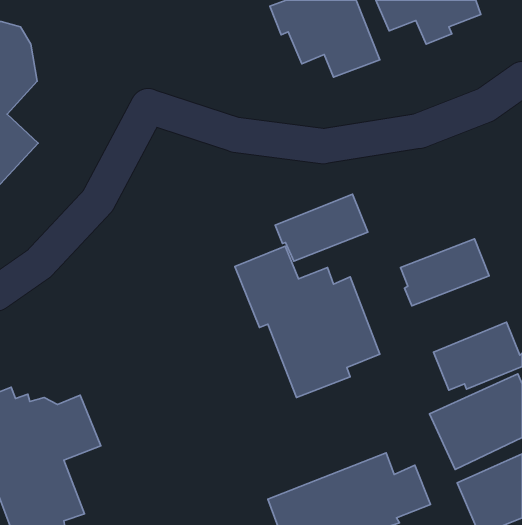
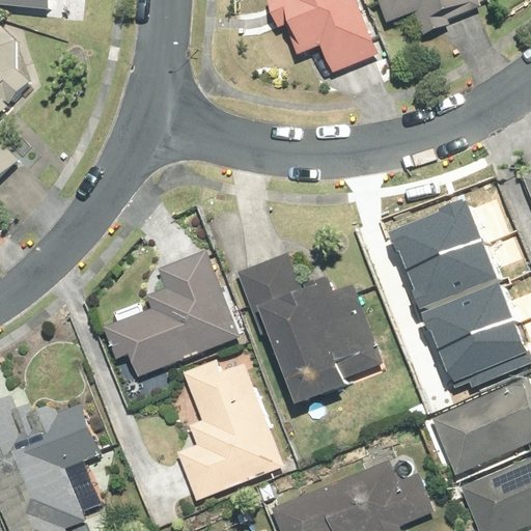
building: [275,194,368,261] -> [385,203,478,271]
building: none -> [103,249,239,372]
building: none -> [414,288,510,356]
building: none -> [175,354,287,508]

